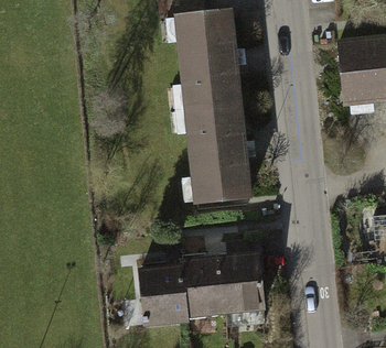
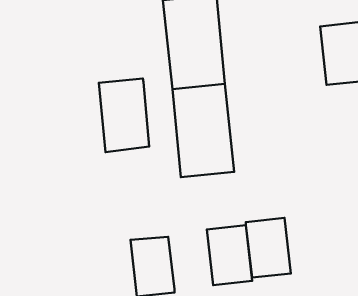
building: none -> [99,78,149,152]
building: [179,257,226,319] -> [246,218,291,278]

